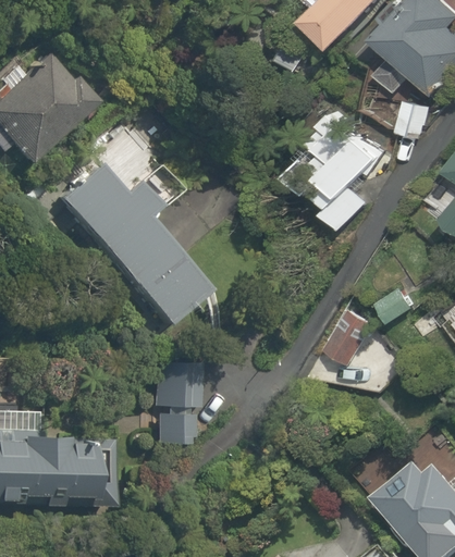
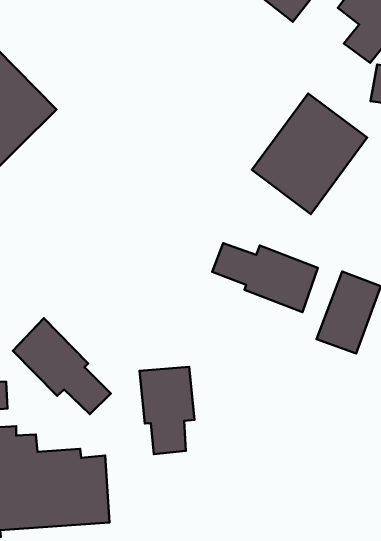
building: [53,123,204,329] -> none
building: none -> [212,243,318,312]
building: none -> [13,318,111,414]

